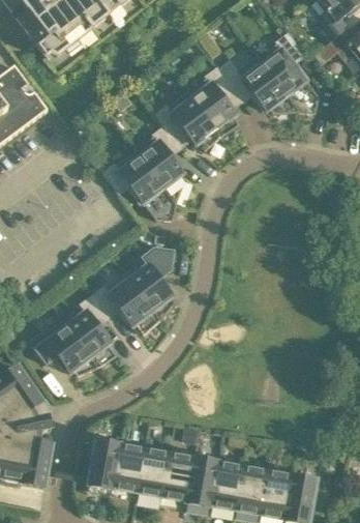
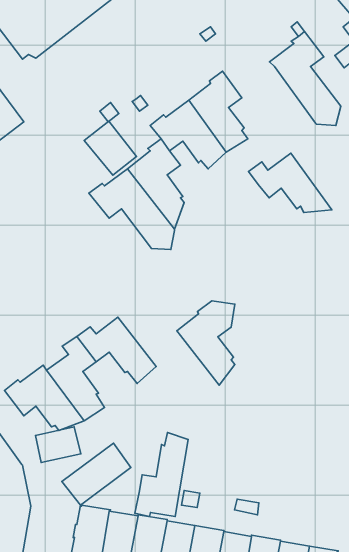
building: [226,61,297,112] -> [249,153,332,212]
building: none -> [84,121,136,175]
building: [124,246,174,319] -> [177,301,235,385]
building: none -> [36,427,81,462]
building: none -> [135,432,188,517]
building: none -> [62,443,131,505]

